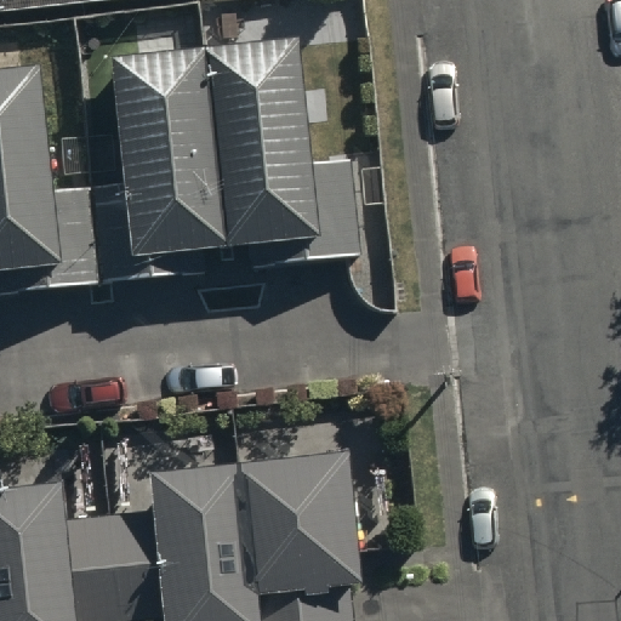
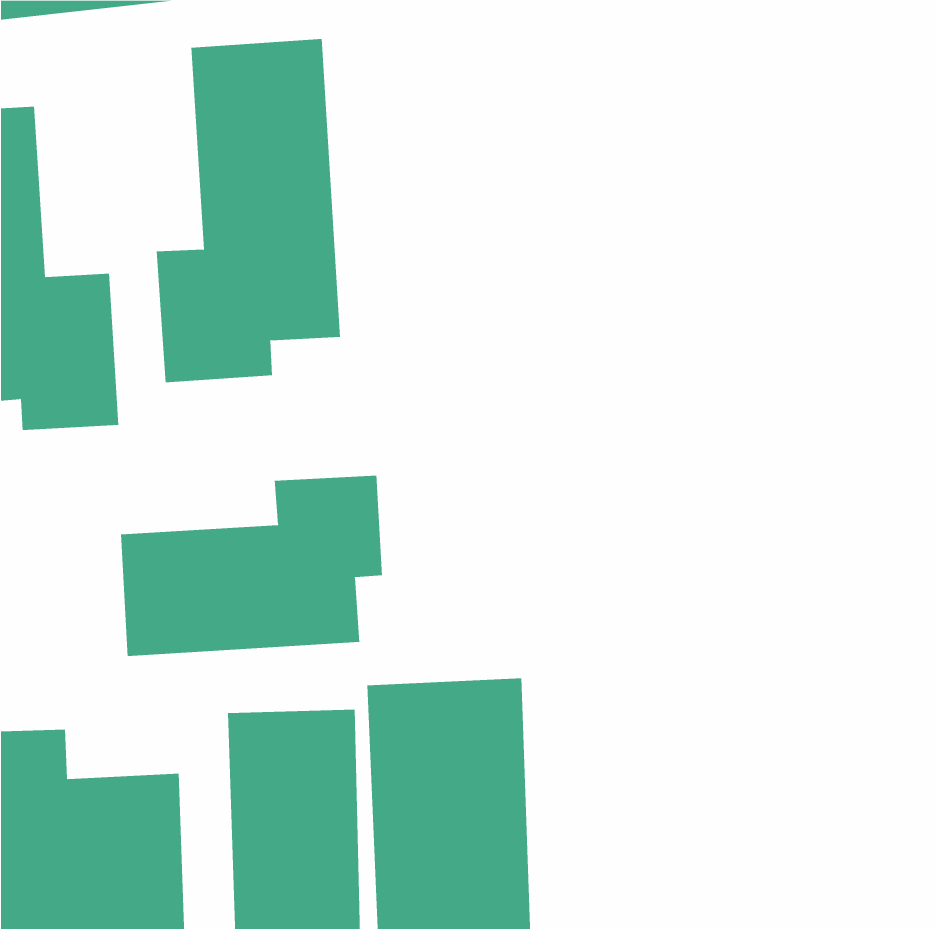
building: [224,30,360,245] -> none
building: none -> [121,475,383,657]

